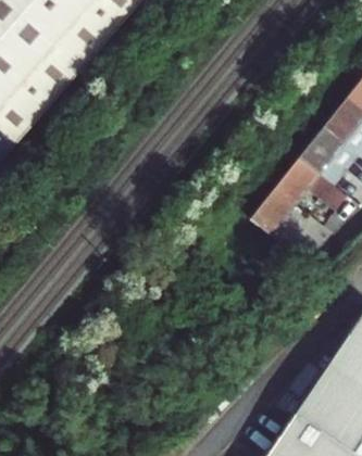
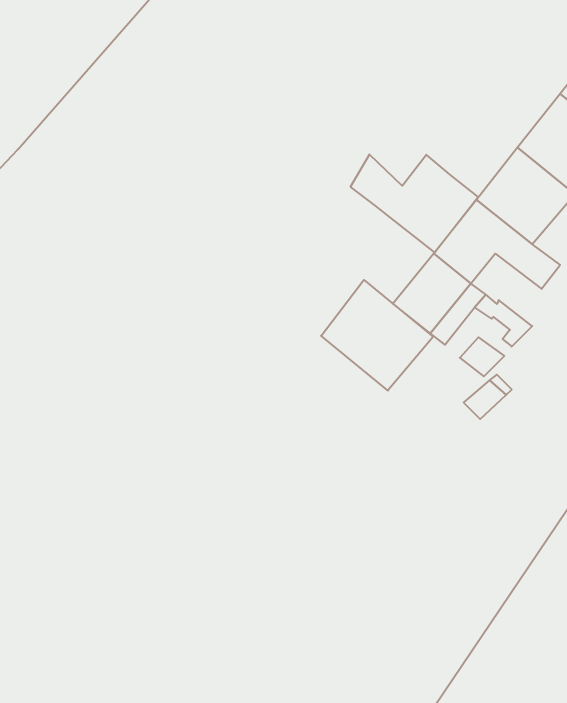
building: none -> [351,154,478,252]
building: none -> [321,280,433,391]

